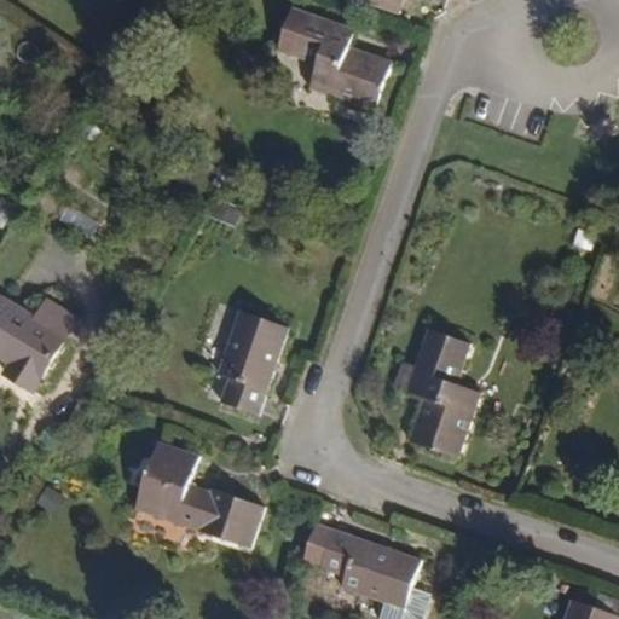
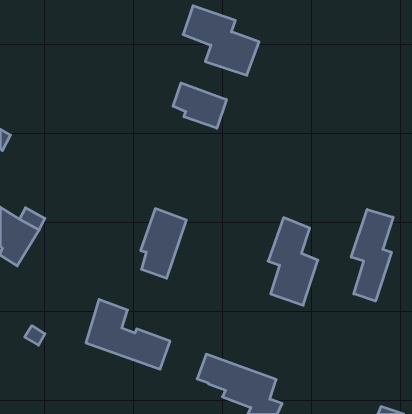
building: none -> [173,83,226,128]
building: none -> [351,209,393,301]

